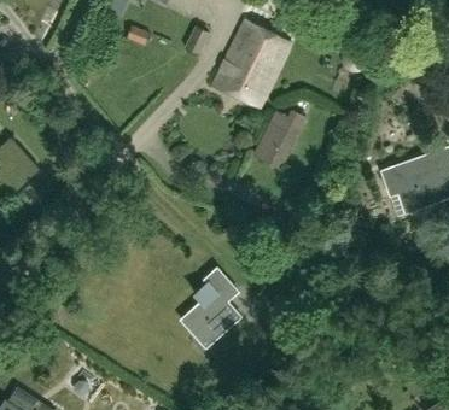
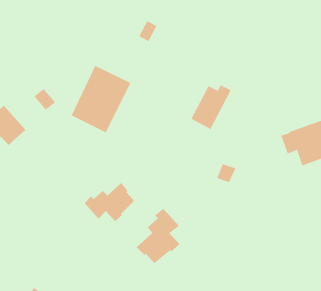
building: [214,19,292,107] -> [71,65,131,133]
building: none -> [84,182,135,222]

